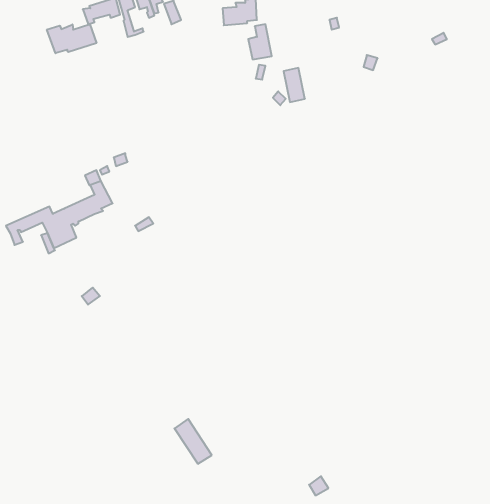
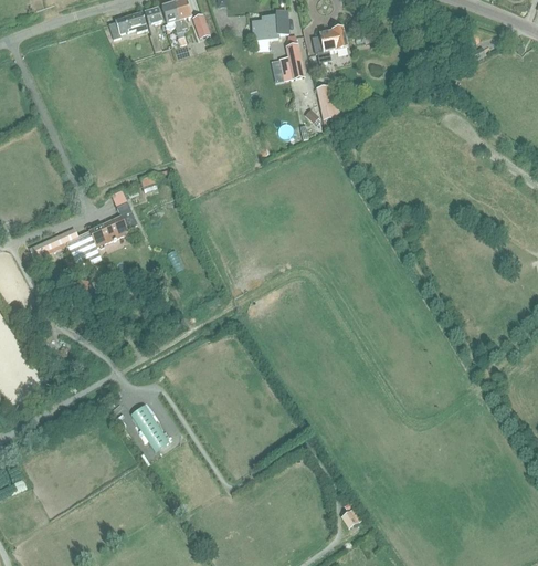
building: none -> [313,24,347,62]
building: [47,24,96,53] -> none
building: [174,419,212,464] -> [130,403,169,450]

